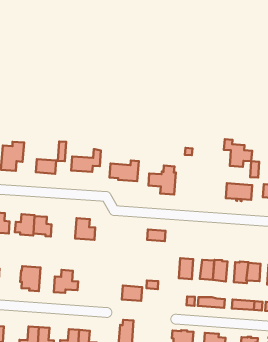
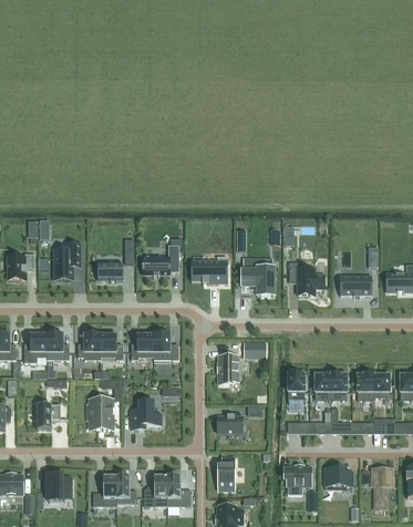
building: [224,139,252,167] -> [289,261,324,294]
building: none -> [132,334,154,359]
building: none -> [218,355,238,383]

